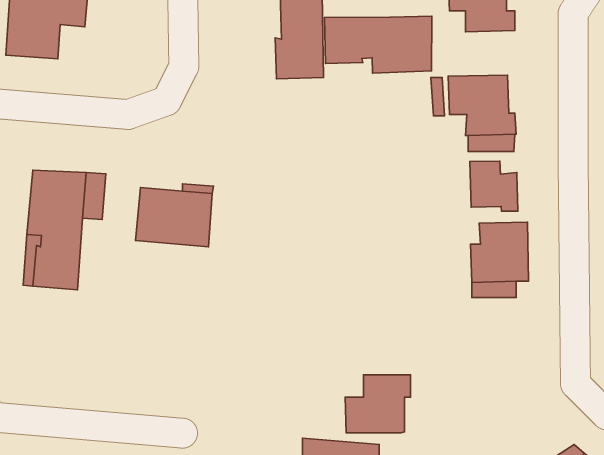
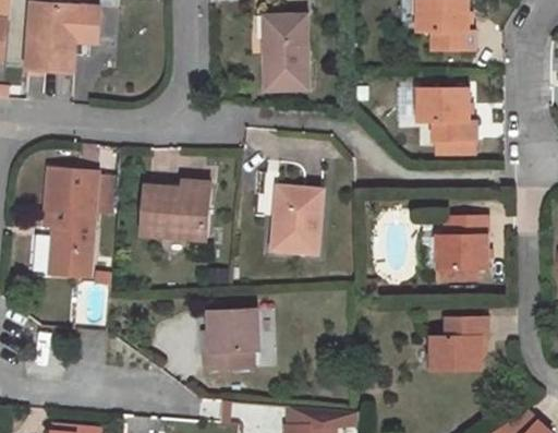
building: [324,16,432,73] -> none
building: [470,161,518,211] -> none
building: none -> [271,184,322,252]
building: none -> [205,309,257,368]
building: [345,375,411,433] -> [429,316,487,368]

